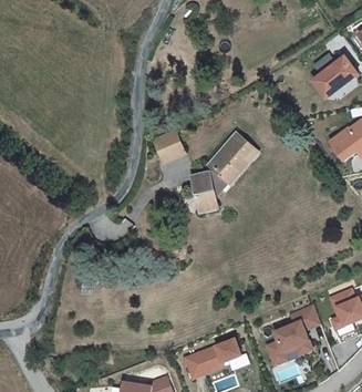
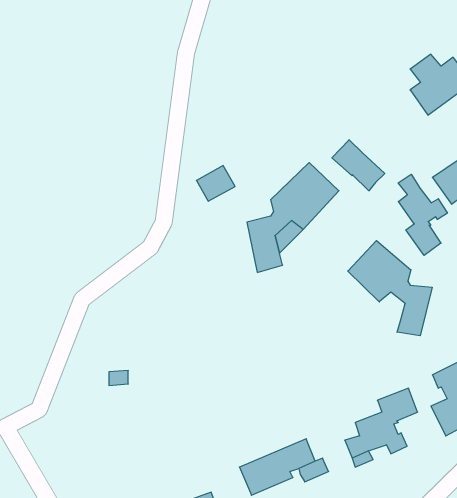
building: none -> [332,140,385,191]
building: none -> [398,174,447,255]
building: none -> [348,241,432,336]

